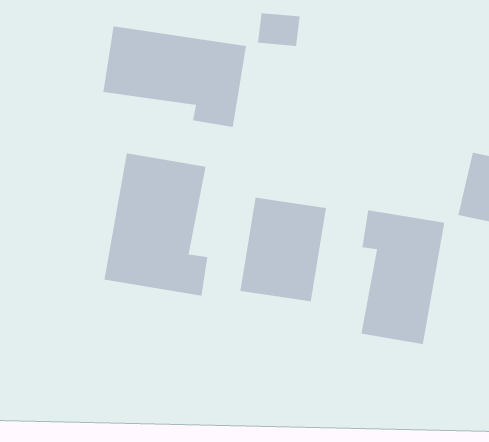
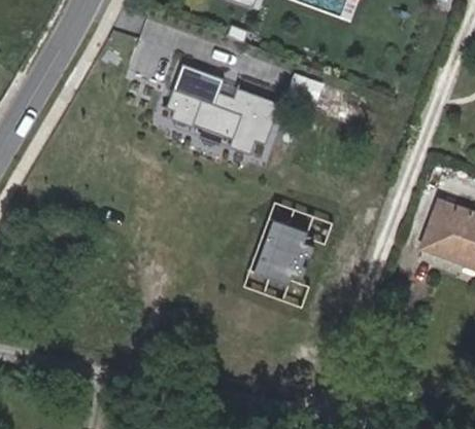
building: [104,153,208,296] -> none
building: [361,209,445,345] -> none

